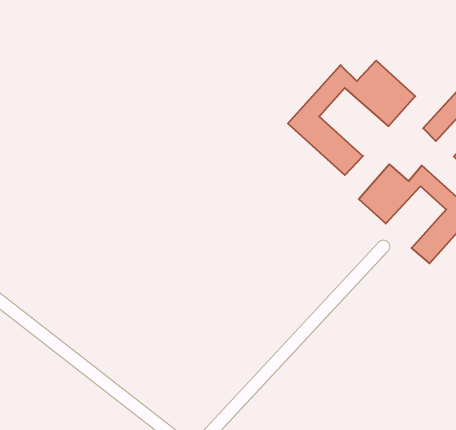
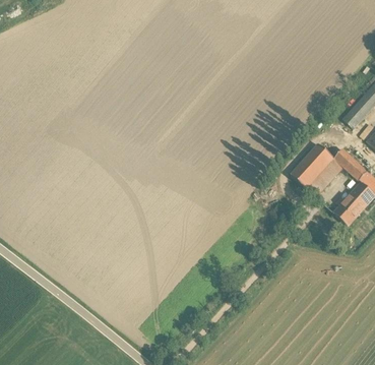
building: [288,61,415,175] -> none

